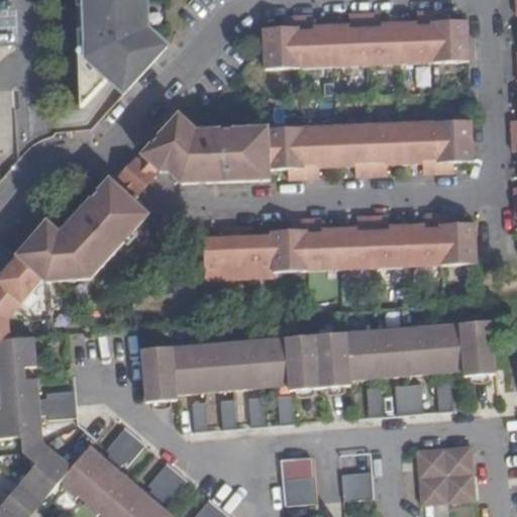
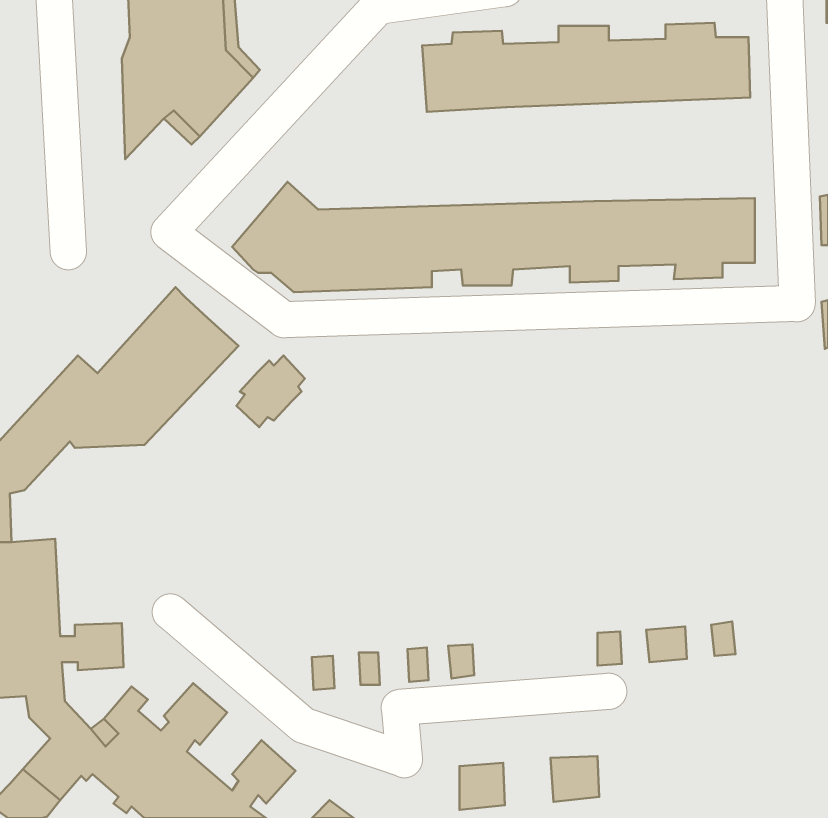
building: [115,153,158,198] -> [237,356,305,427]
building: [203,214,475,276] -> none
building: [142,320,495,407] -> none
building: [420,447,474,504] -> none

